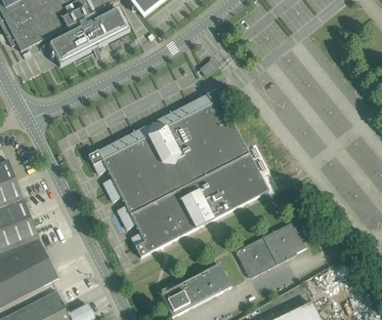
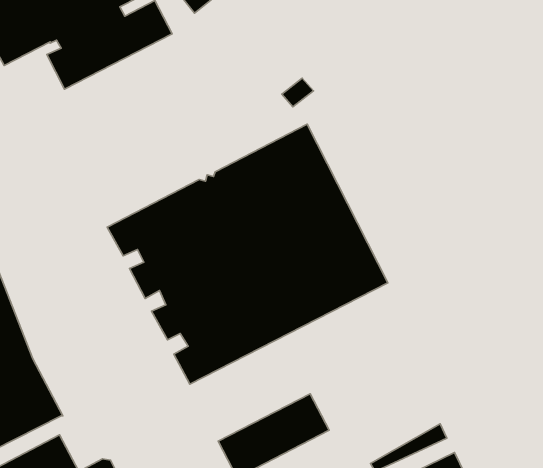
building: [236,221,305,277] -> none

